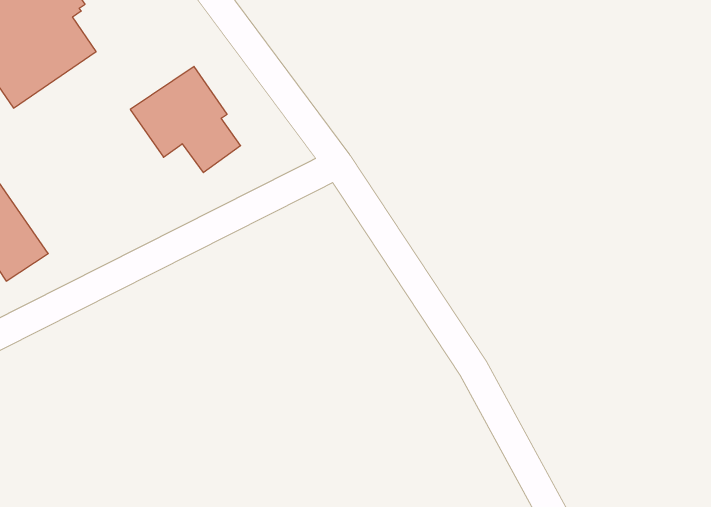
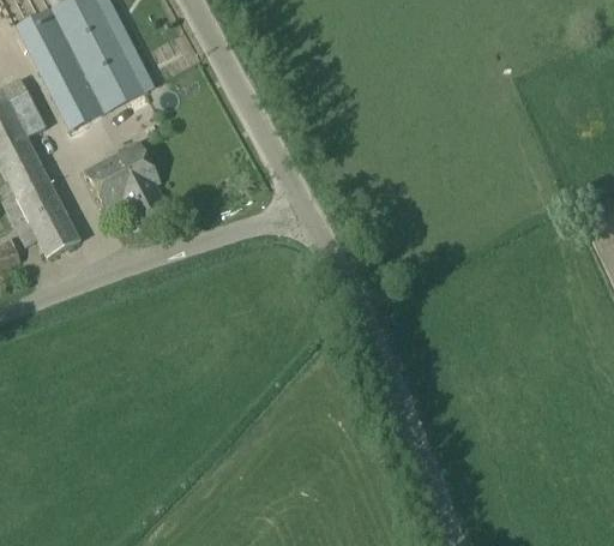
building: [130,66,241,173] -> [86,142,167,223]

